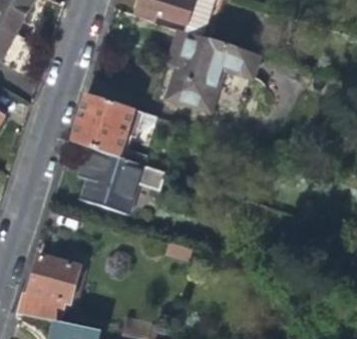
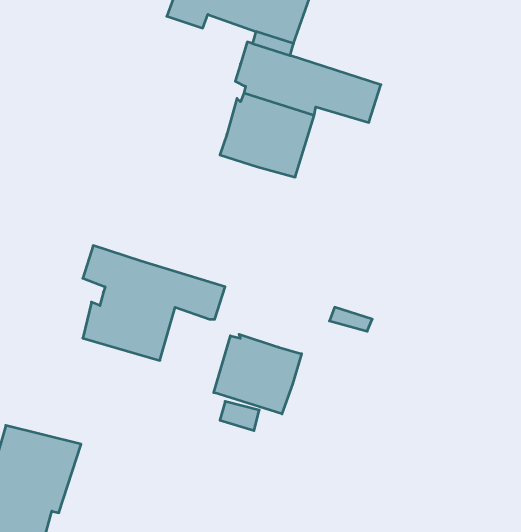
building: [70,94,156,157] -> none
building: none -> [214,334,302,414]

